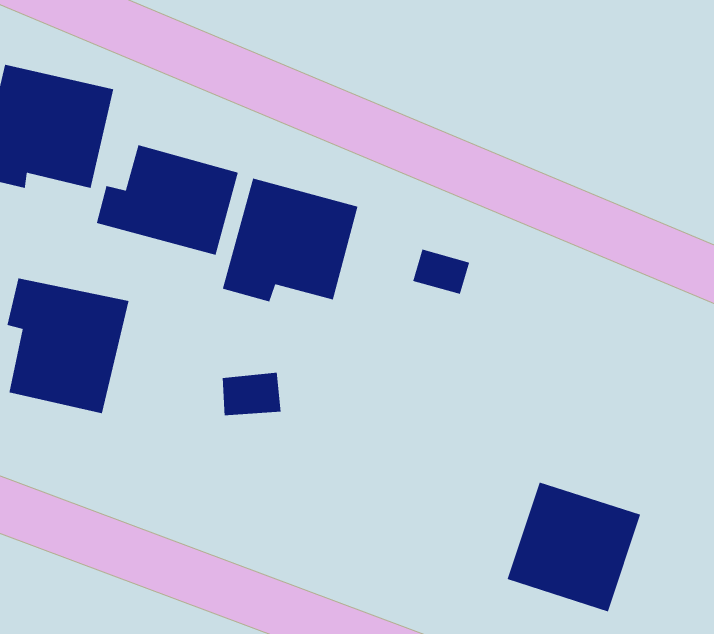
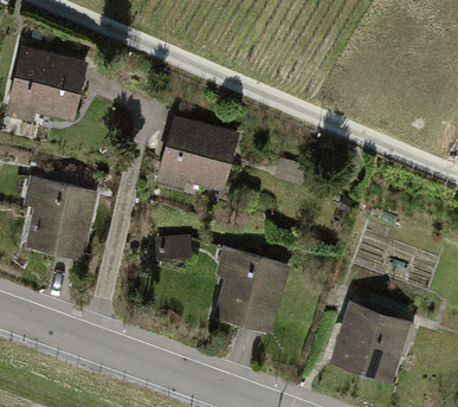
building: [96,144,239,256] -> none
building: none -> [213,246,290,332]

